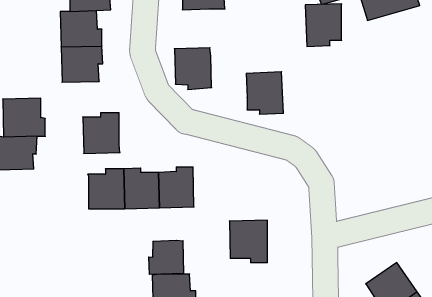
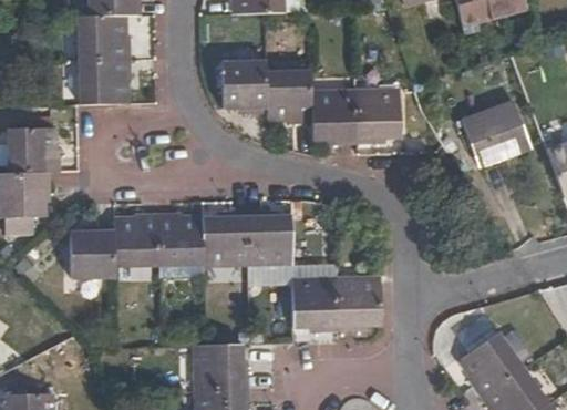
building: [305,4,342,46] -> [355,91,401,144]
building: none -> [267,71,312,124]
building: none -> [461,102,529,166]
building: [83,113,120,153] -> [69,224,115,275]
building: none -> [245,211,290,262]
building: none -> [338,278,382,331]
building: [149,240,184,274] -> none

